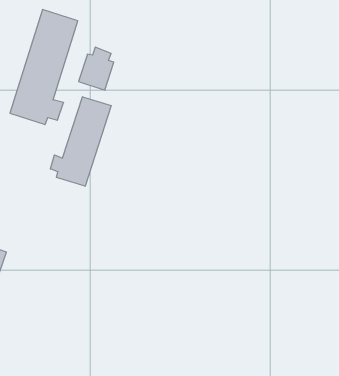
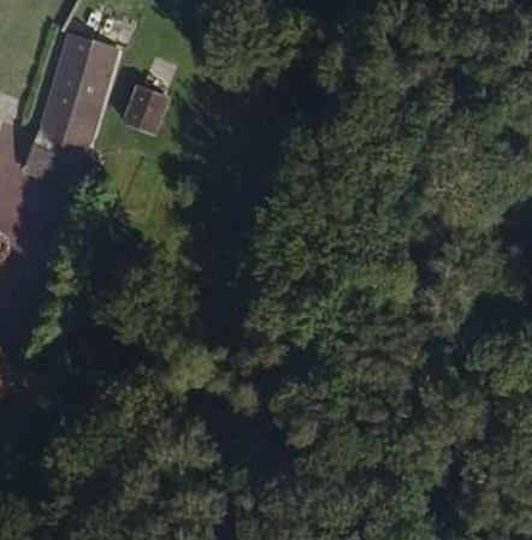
building: [50,97,111,186] -> none

